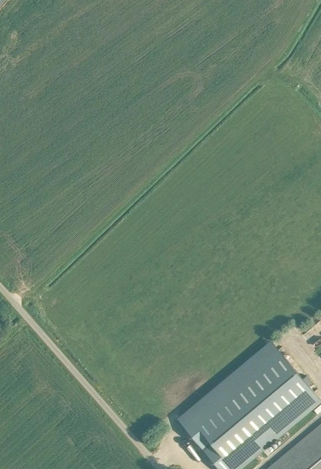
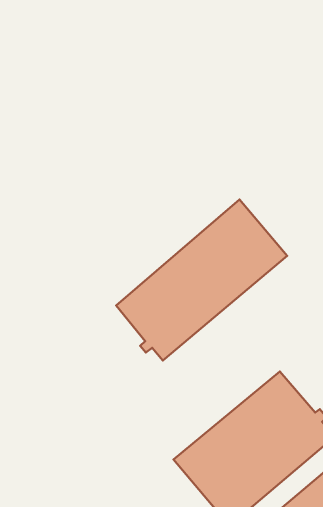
building: none -> [116,200,287,361]

